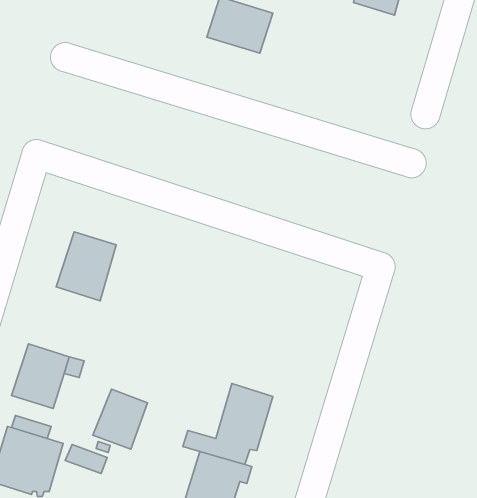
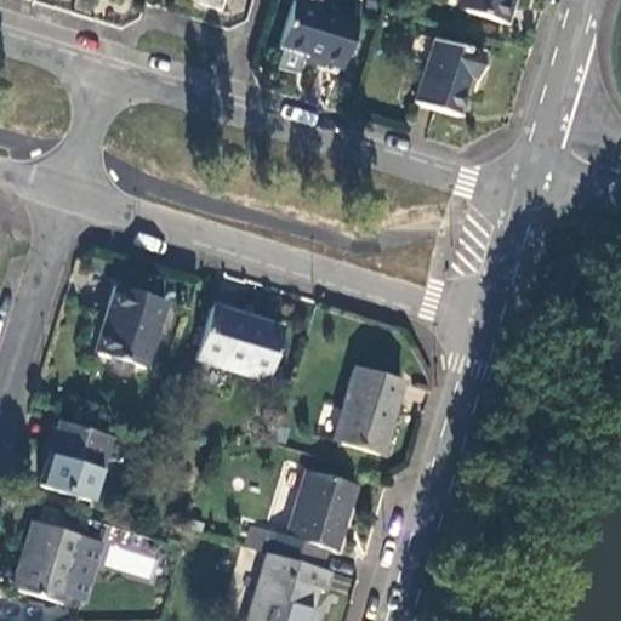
building: none -> [415,36,485,114]
building: none -> [196,306,284,380]
building: none -> [334,368,403,454]
building: [93,389,148,449] -> none

